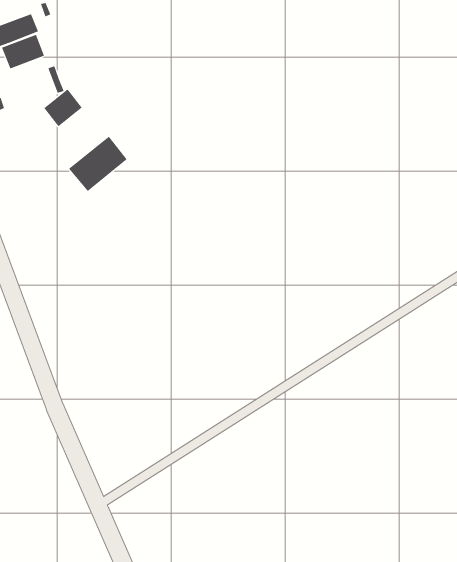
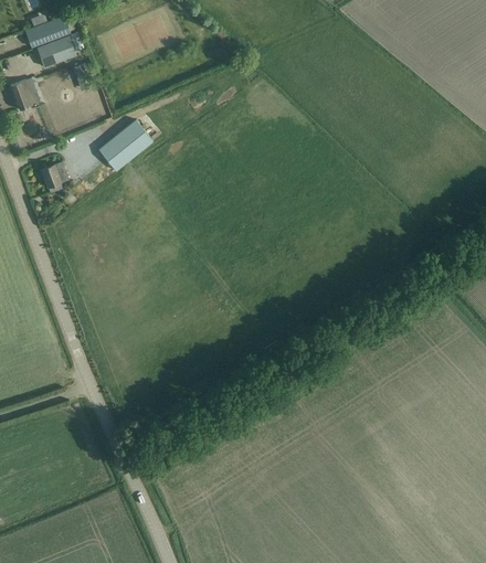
building: [43,89,83,127] -> none
building: none -> [40,159,67,189]

